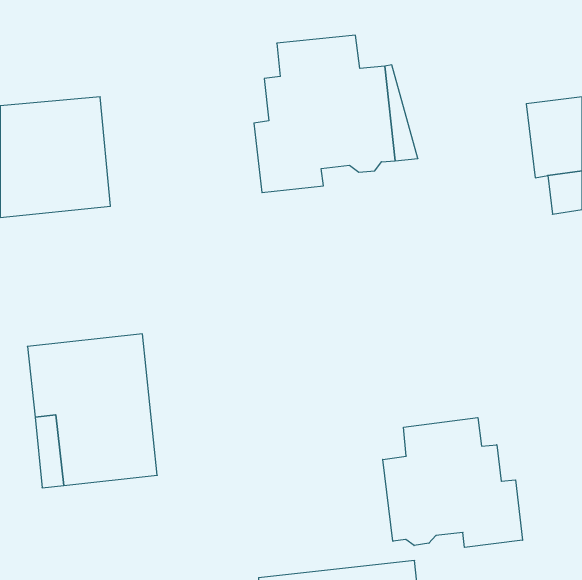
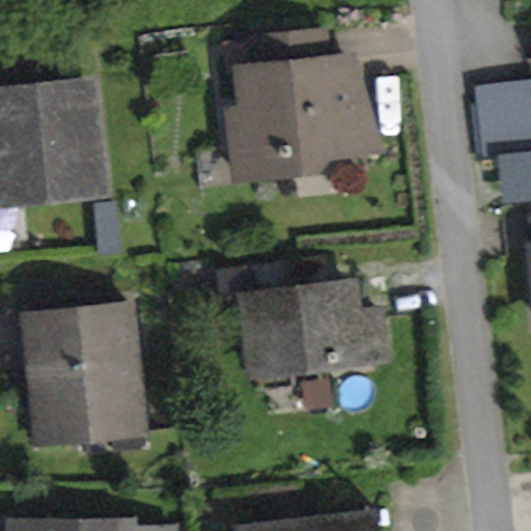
building: none -> [245,263,385,374]
building: [383,418,523,547] -> none

